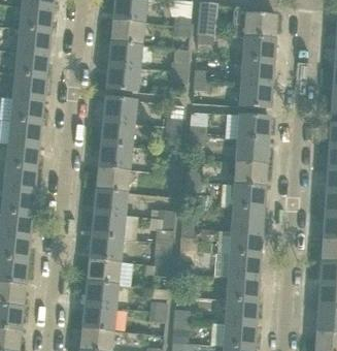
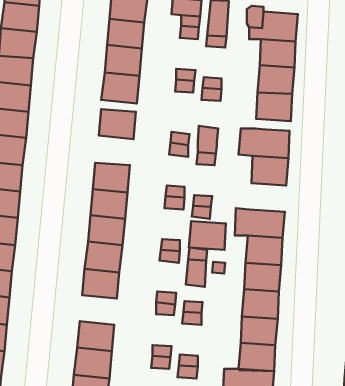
building: [101,120,134,146] -> none
building: [234,161,266,186] -> [189,221,226,250]
building: [88,258,120,284] -> none

